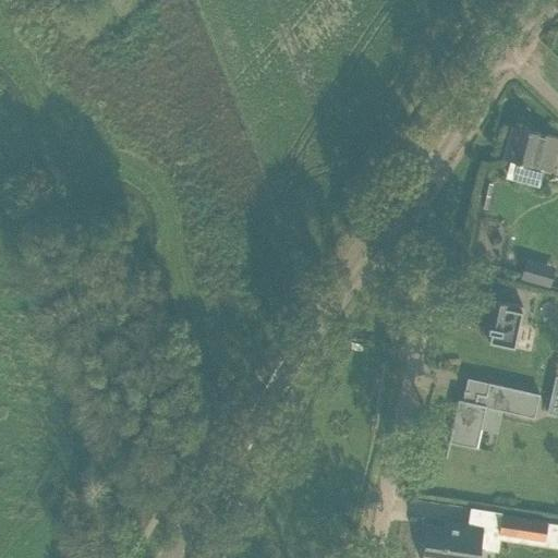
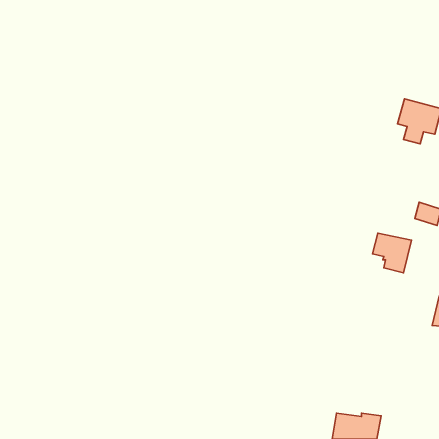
building: [449,383,541,448] -> none
building: [502,513,549,544] -> none

